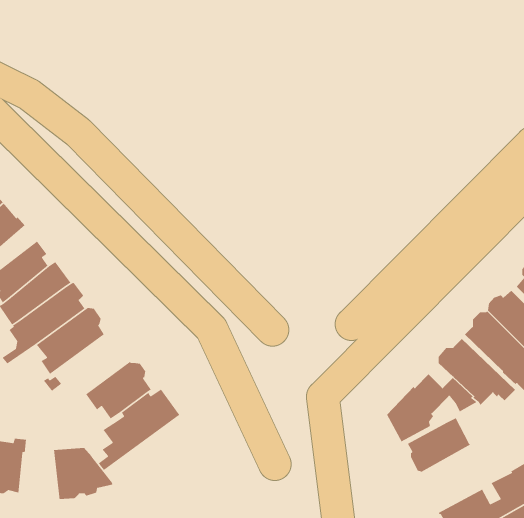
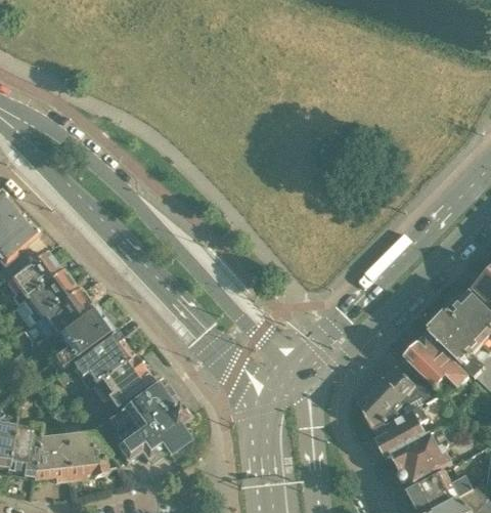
building: none -> [70,332,131,387]
building: none -> [106,403,188,465]
building: none -> [390,426,451,483]
building: none -> [31,434,66,480]

